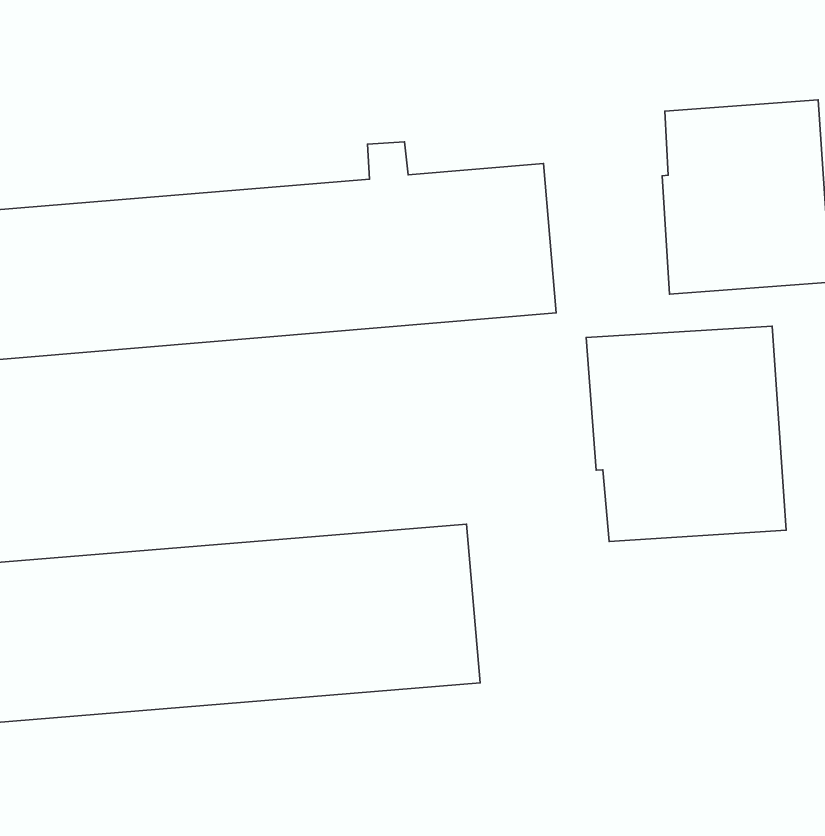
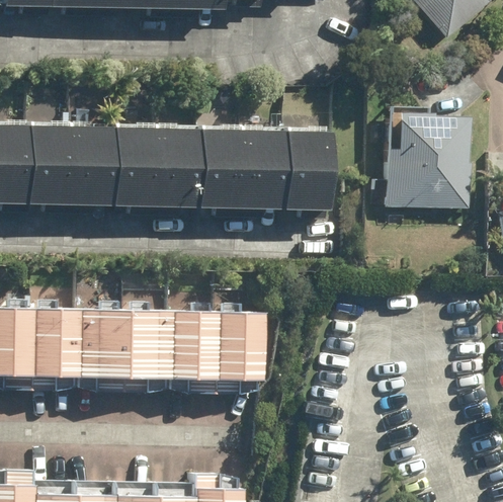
building: [586,326,786,542] -> none

